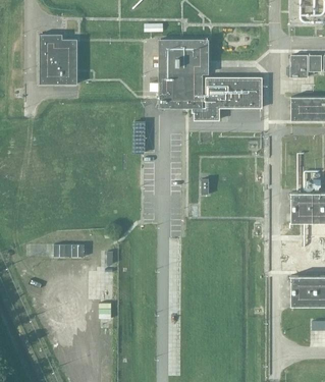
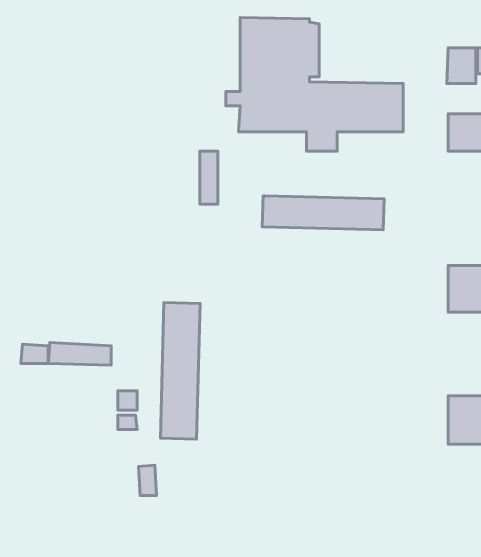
building: [40,34,78,84] -> none
building: none -> [262,196,384,230]
building: none -> [160,303,200,439]

